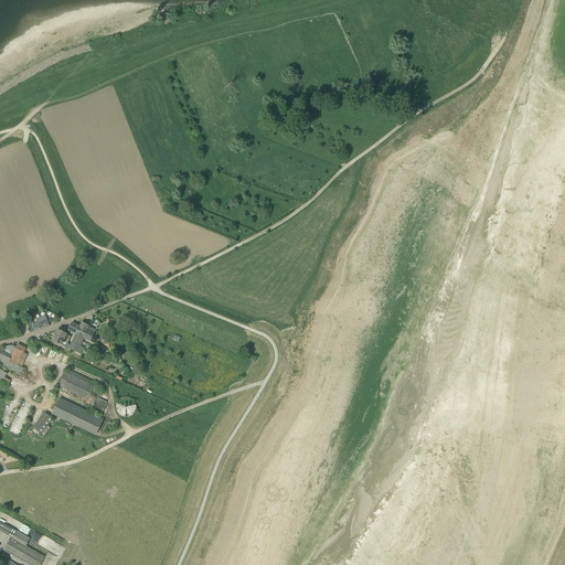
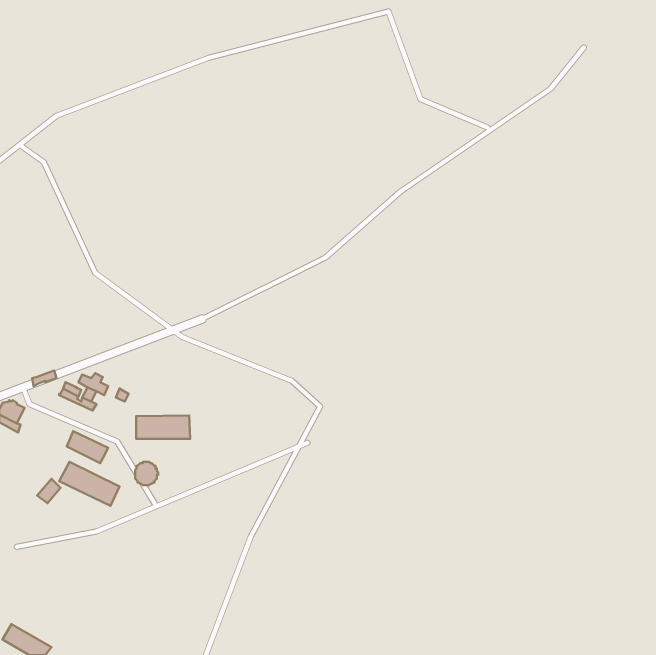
building: none -> [136,416,190,439]

